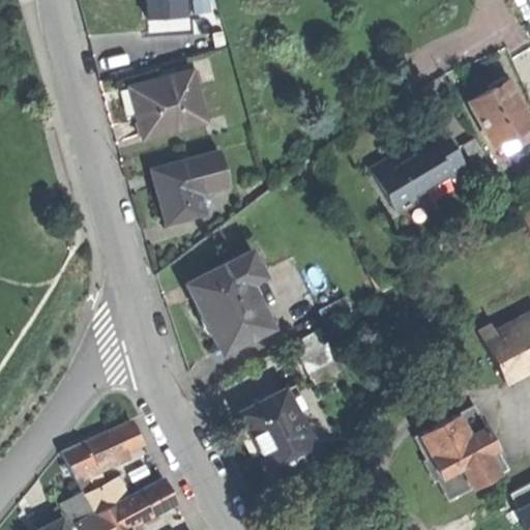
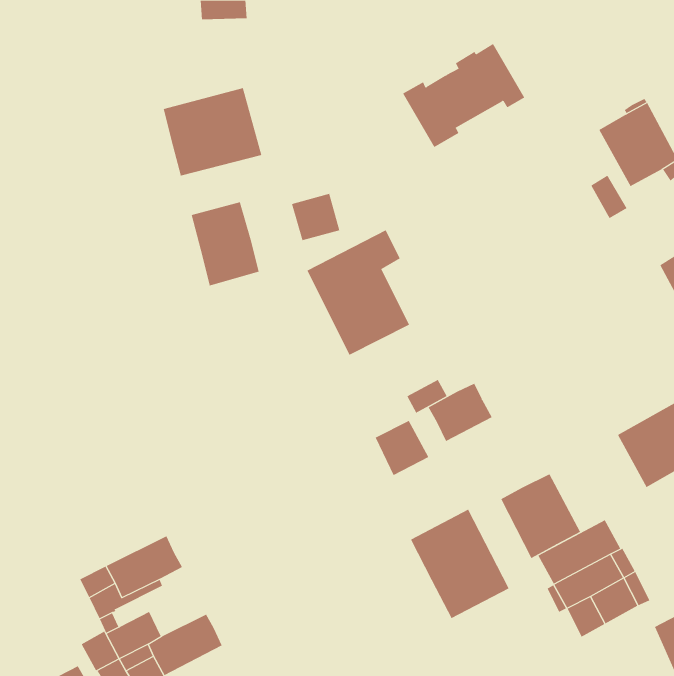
building: [372,128,468,210] -> [402,43,525,148]
building: [190,151,229,188] -> [291,193,340,241]
building: [188,252,269,350] -> [307,229,410,355]
building: none -> [428,383,492,442]
building: none -> [501,473,581,559]
building: [241,389,319,475] -> [410,509,509,619]

